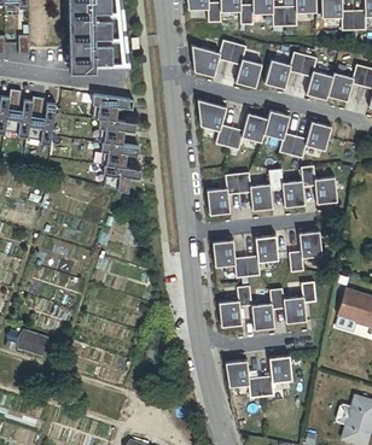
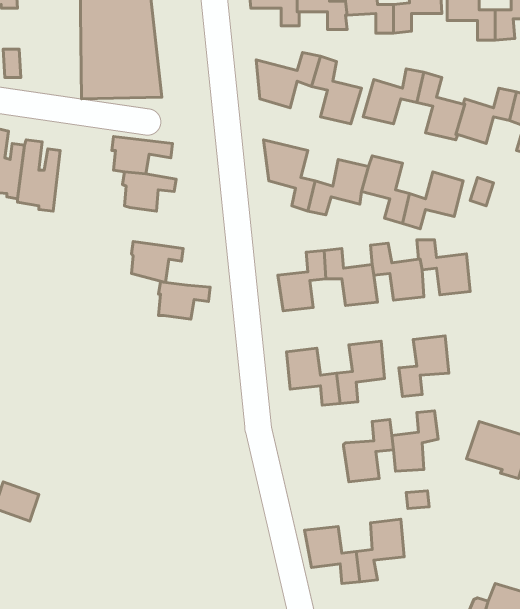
building: [105,144,140,169] -> [159,282,210,319]
building: [219,285,252,326] -> none

